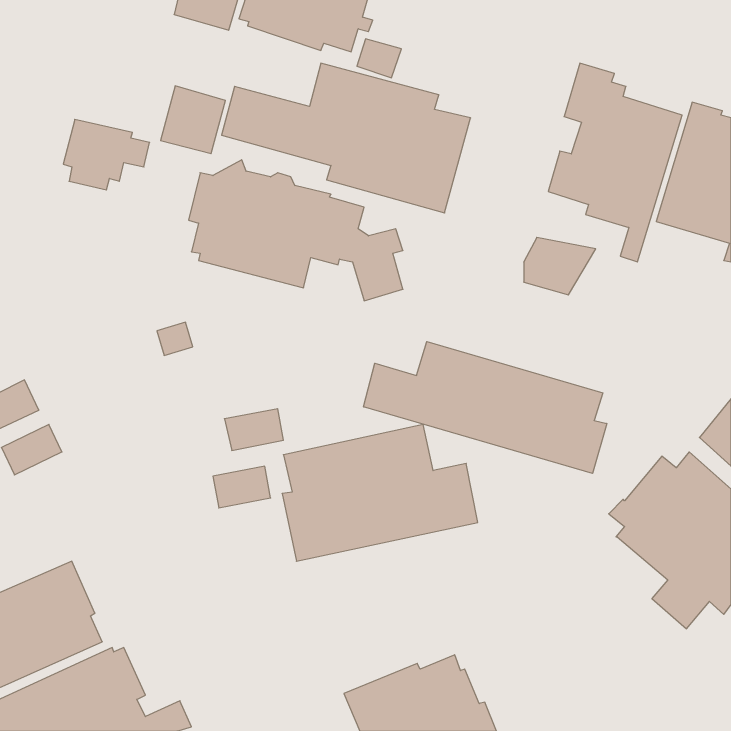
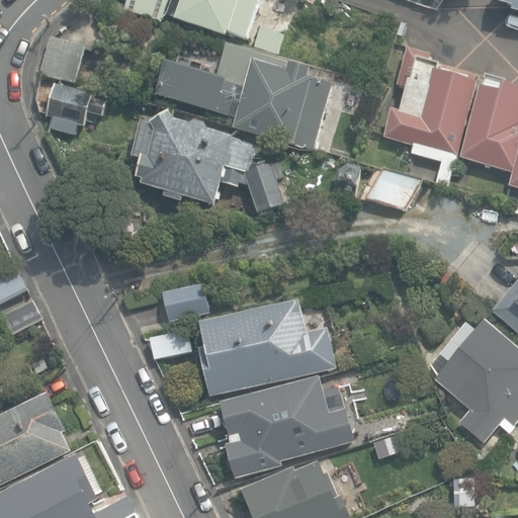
building: [161,86,225,154] -> [38,35,84,83]
building: [364,342,607,473] -> none
building: none -> [221,375,355,473]

